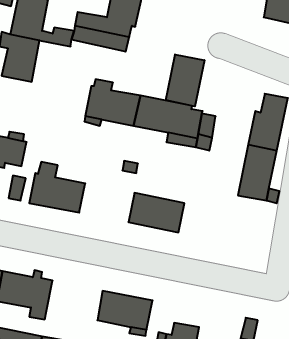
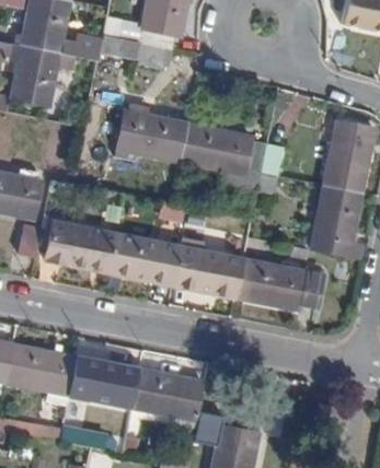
building: [166,54,204,106] -> none
building: none -> [110,234,180,283]
building: none -> [235,259,345,313]
building: none -> [68,358,139,408]

